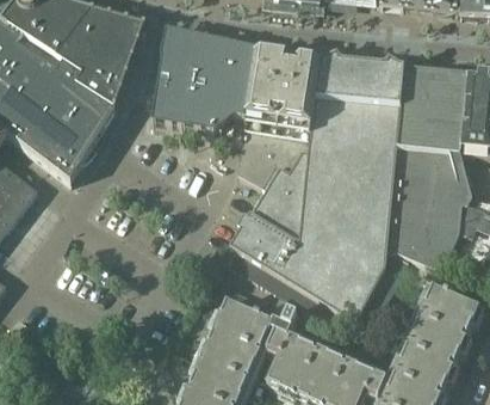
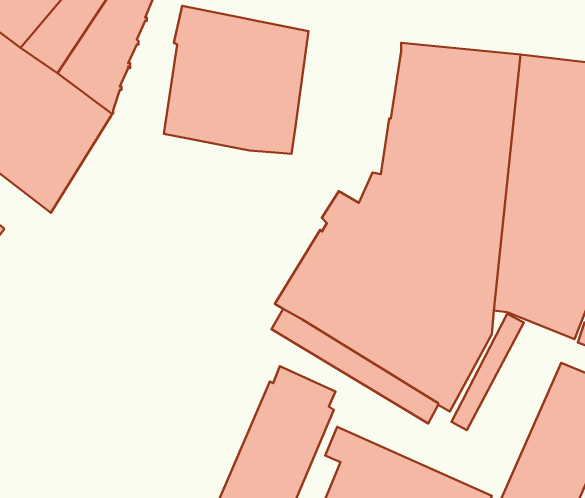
building: [238,47,320,179] -> none

